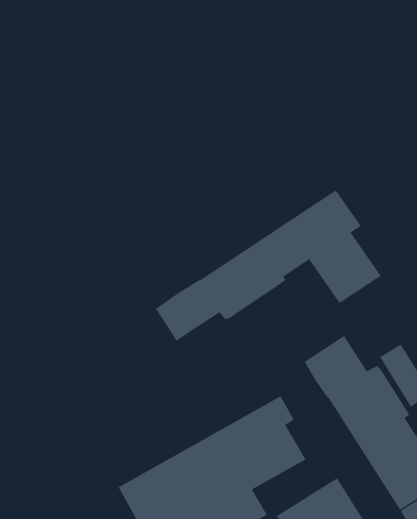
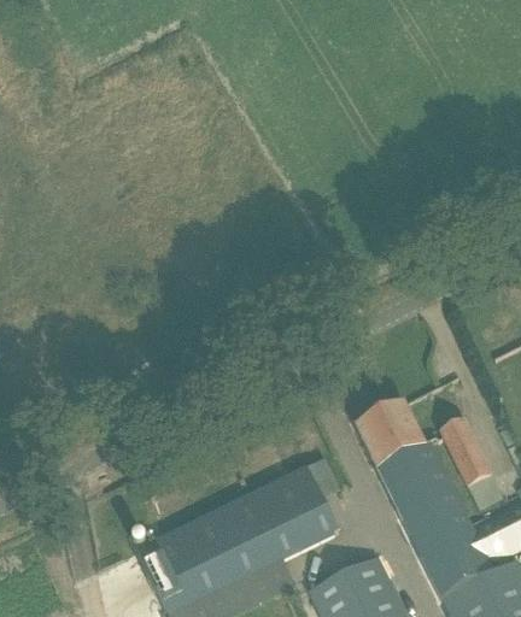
building: [155,189,381,341] -> none

